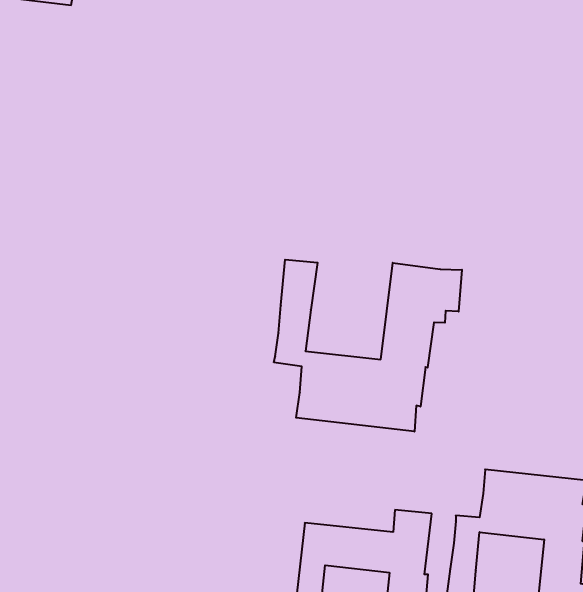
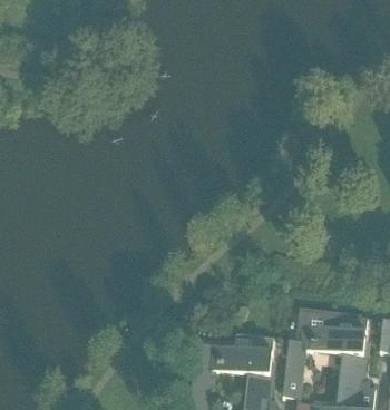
building: [274,260,462,432] -> none

